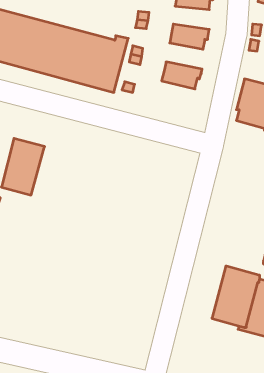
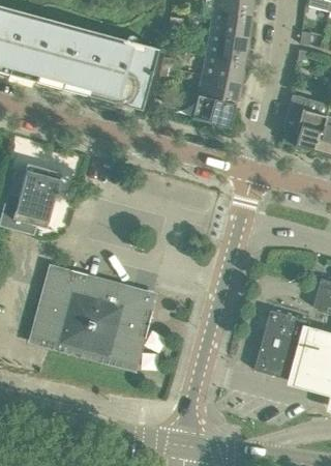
building: none -> [210,9,252,36]
building: none -> [202,52,245,82]
building: none -> [191,95,235,126]
building: none -> [32,267,152,367]

